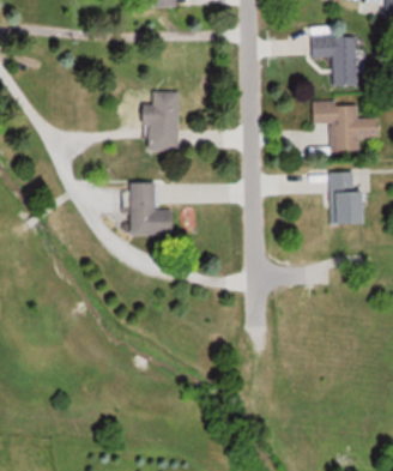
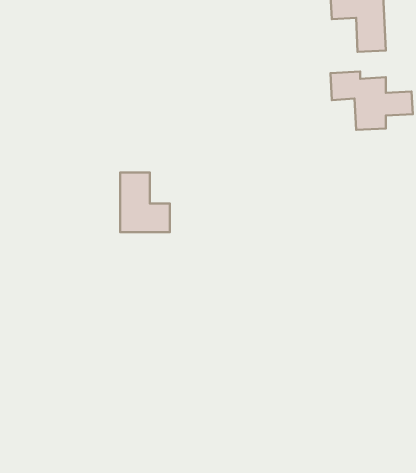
building: [146,92,179,152] -> none
building: [329,170,367,224] -> none

